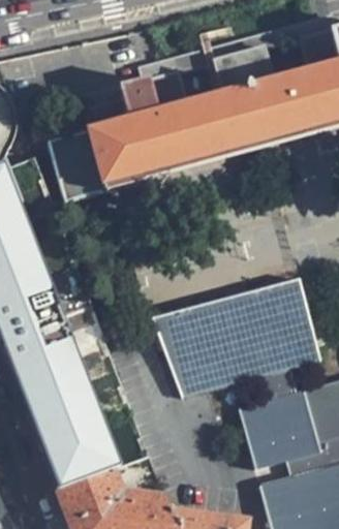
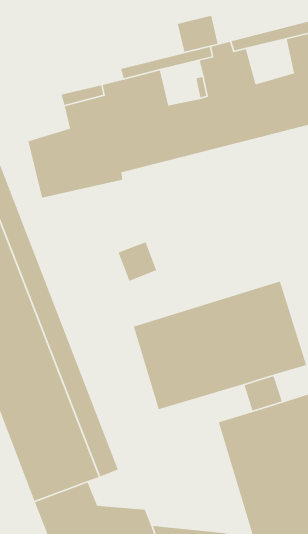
building: none -> [177,15,219,53]
building: none -> [118,241,157,282]

